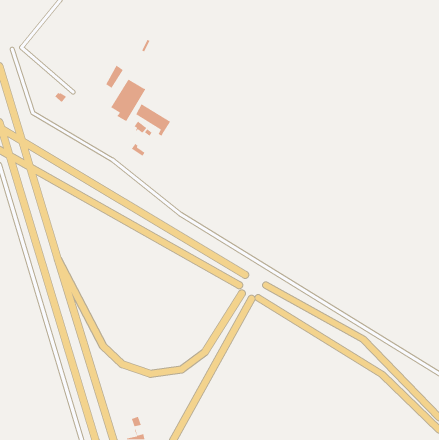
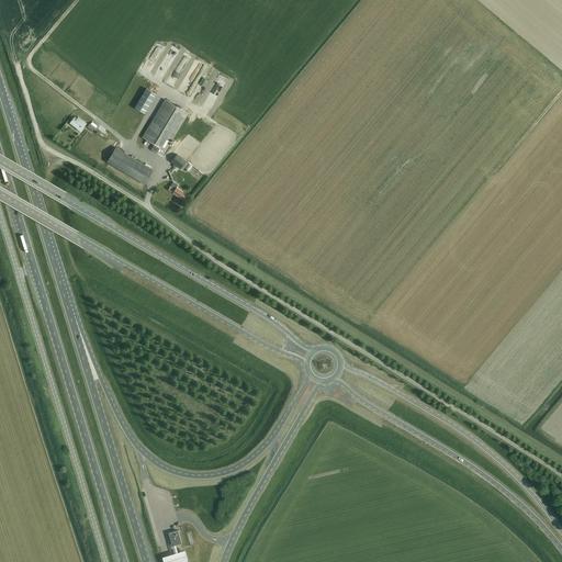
building: [135,103,171,137] -> [106,147,153,190]

